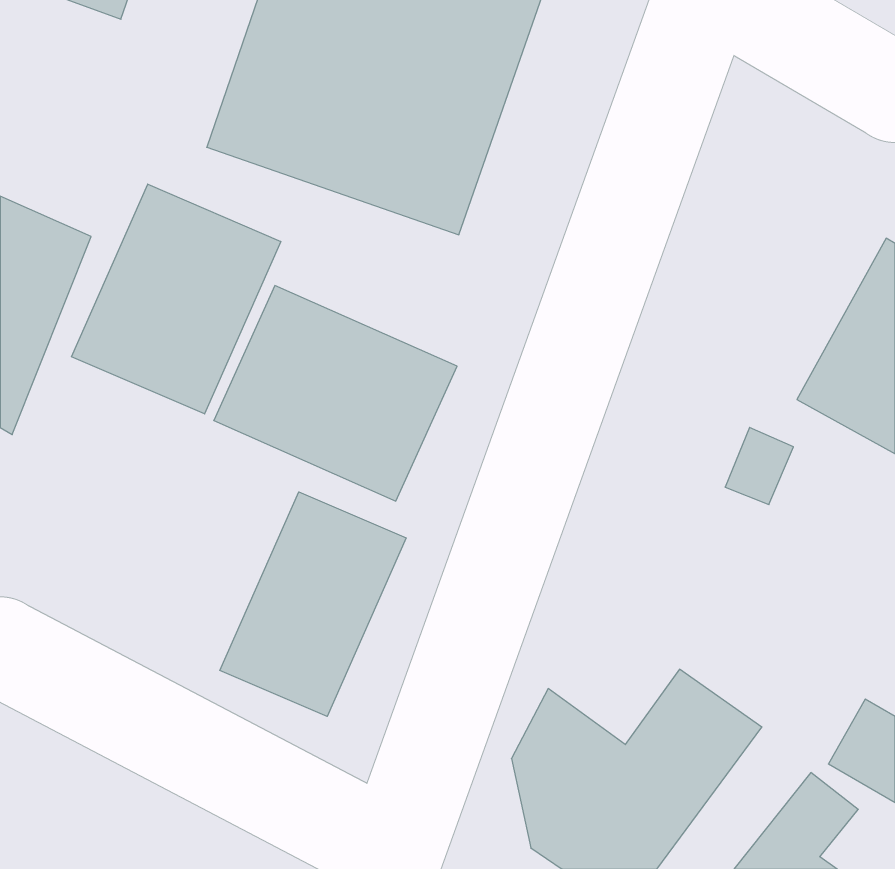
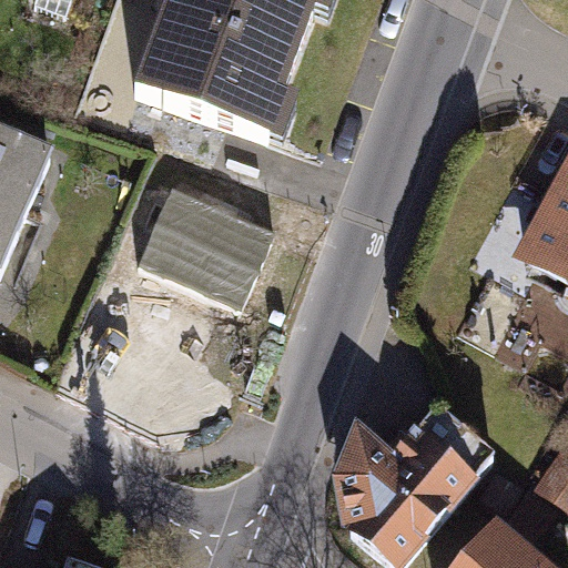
building: [72,184,281,414] -> none
building: [220,492,406,716] -> none

